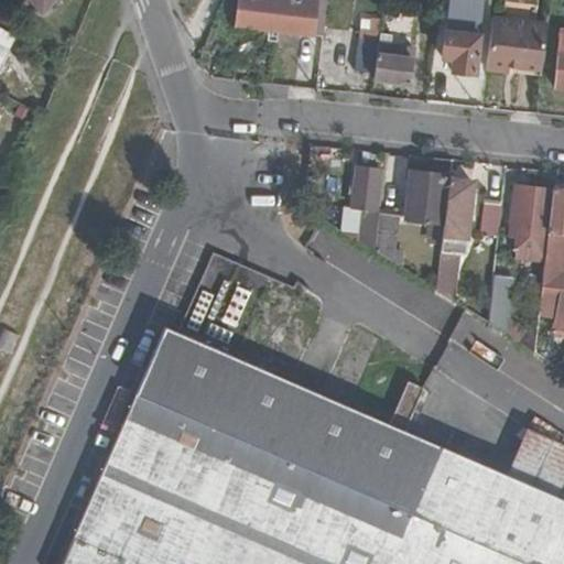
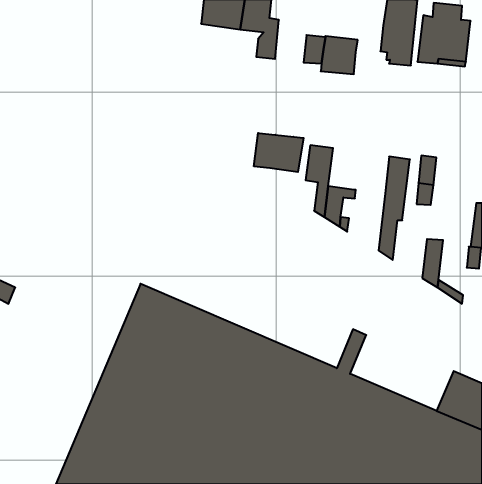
building: none -> [254,133,304,172]
building: [411,173,452,225] -> none
building: [512,189,555,262] -> none

